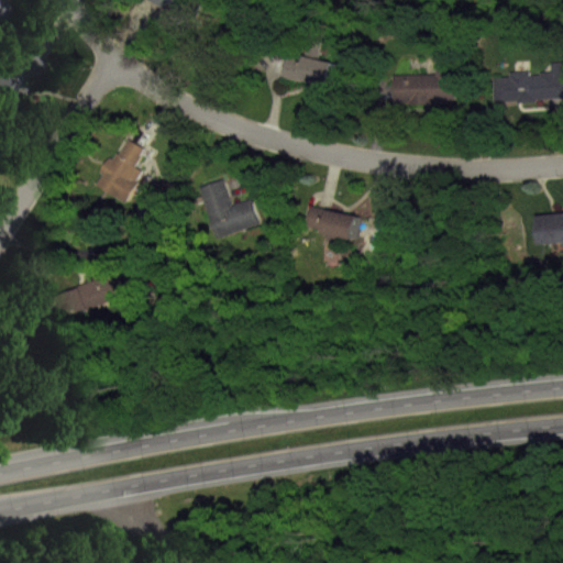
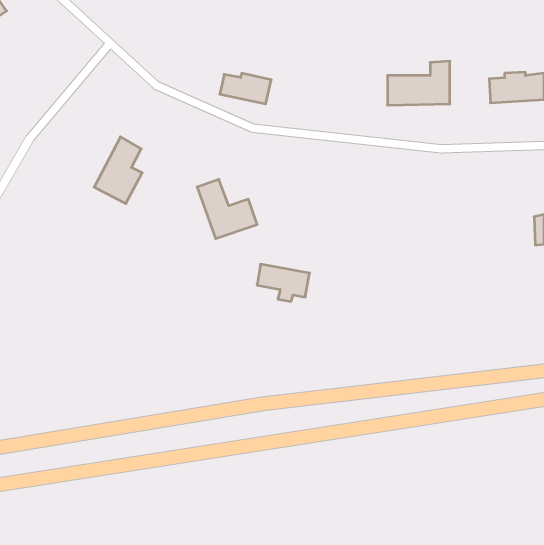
building: [279,57,331,88] -> [220,73,271,104]
building: [305,208,357,245] -> [257,264,310,301]
building: [54,276,119,320] -> none

